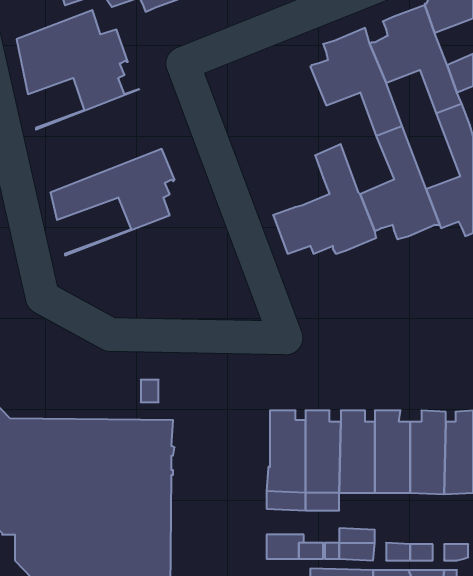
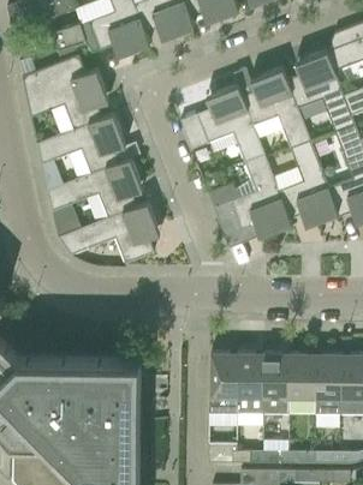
building: none -> [196,85,263,163]
building: none -> [36,114,130,191]
building: none -> [58,203,160,264]

